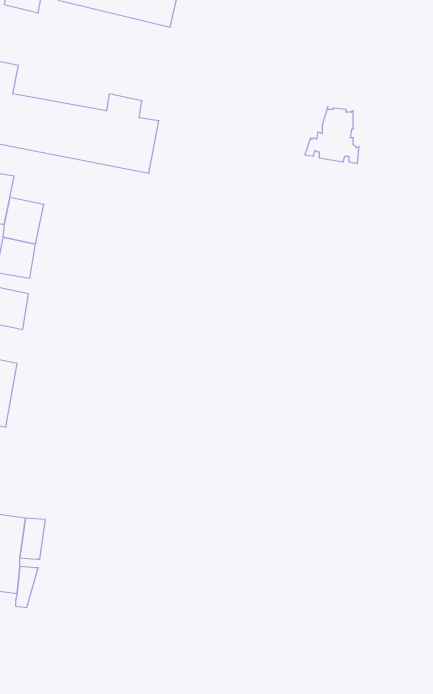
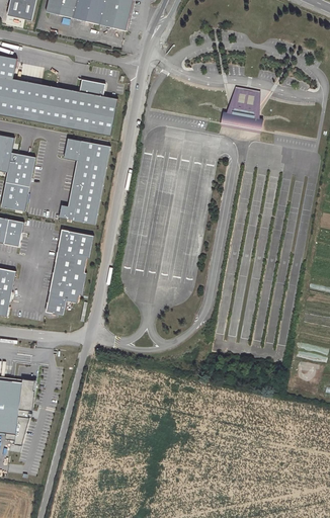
building: none -> [59,138,109,223]
building: none -> [45,228,93,314]

